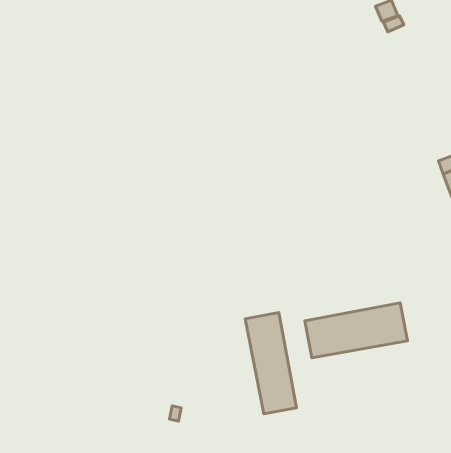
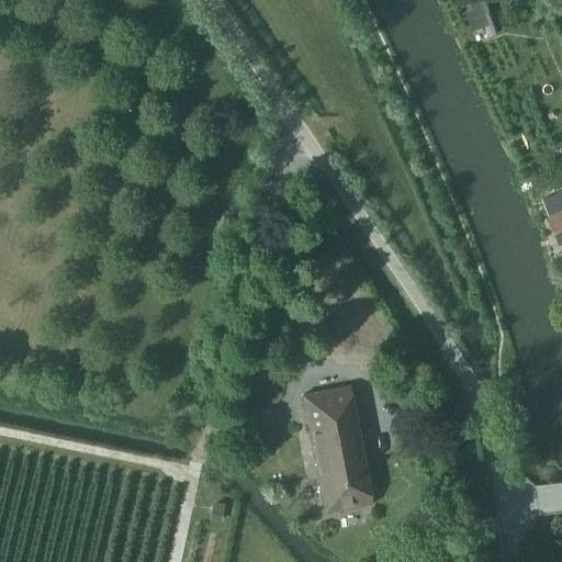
building: [305,303,407,358] -> none

